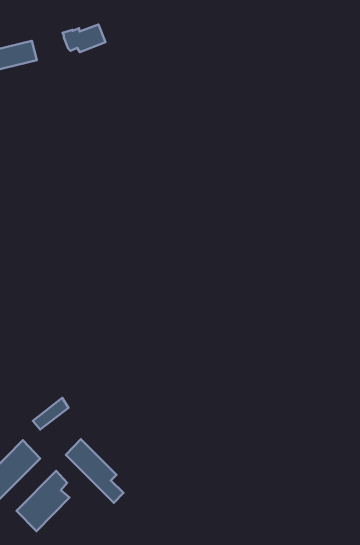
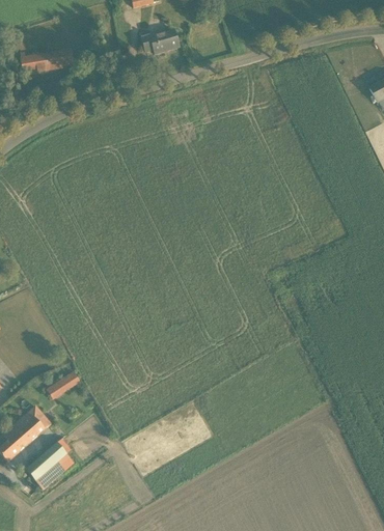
building: [62,24,106,52] -> [140,30,179,54]
building: [66,439,124,503] -> none

